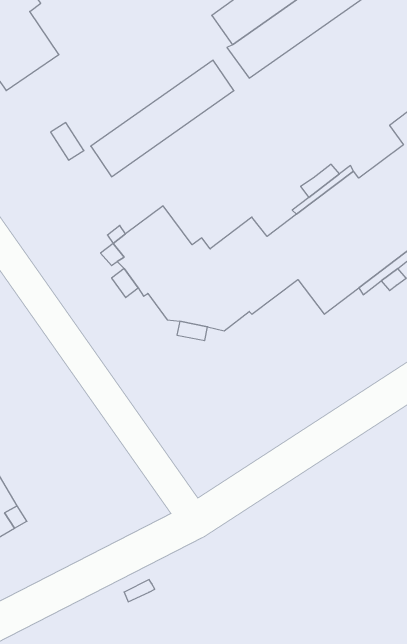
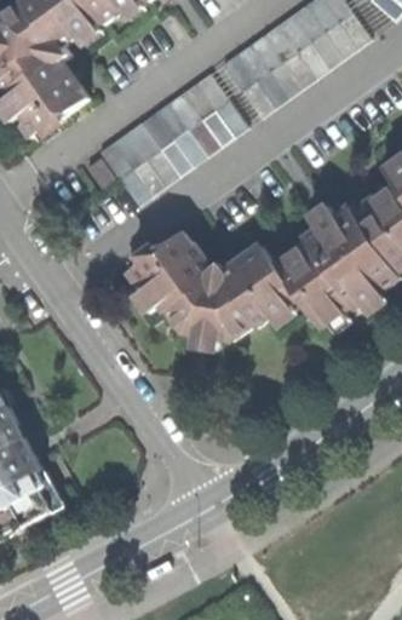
building: none -> [99,74,230,179]

